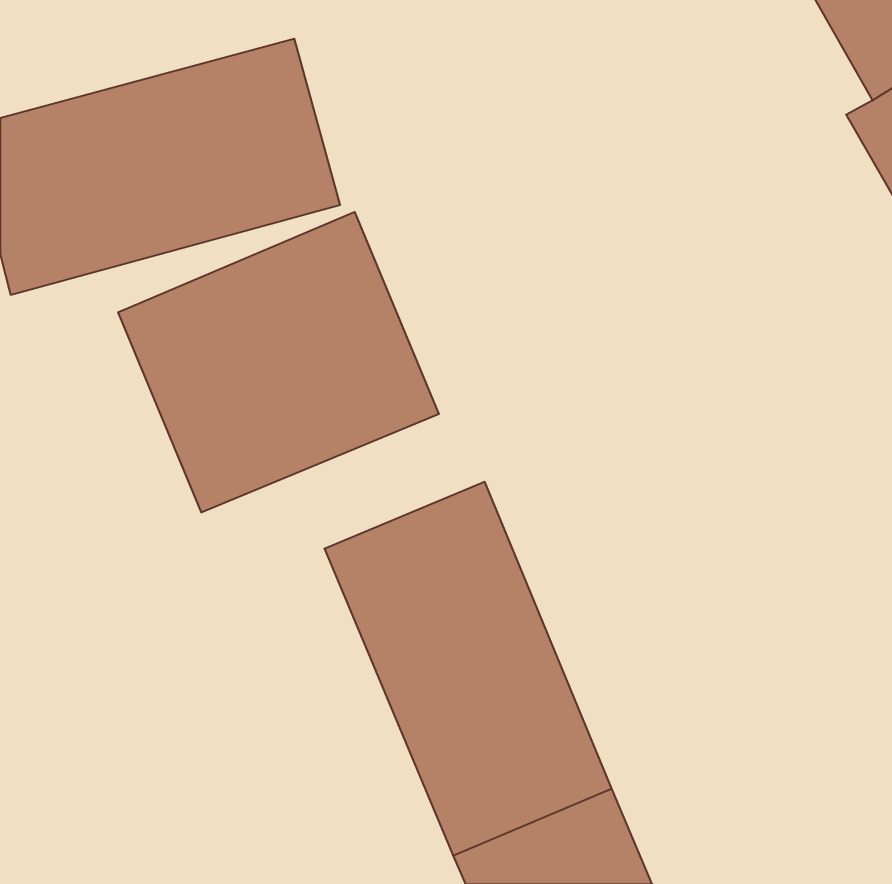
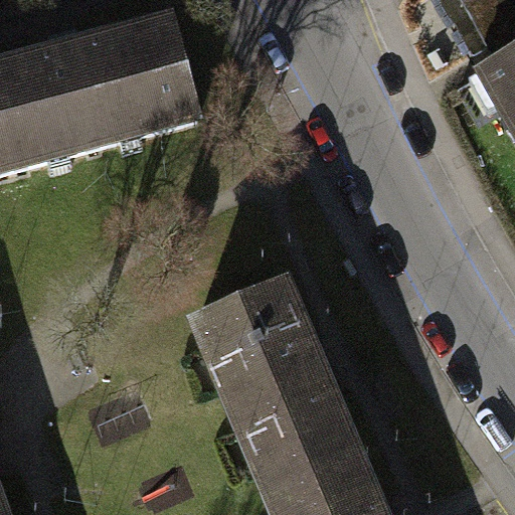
building: [118,212,439,513] -> none

